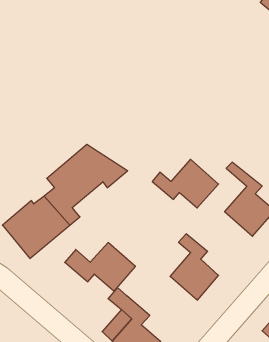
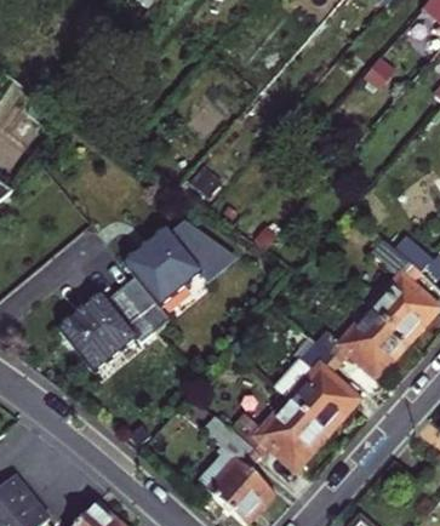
building: [152,159,219,208] -> [312,308,406,377]
building: [65,243,135,291] -> [227,400,327,469]

